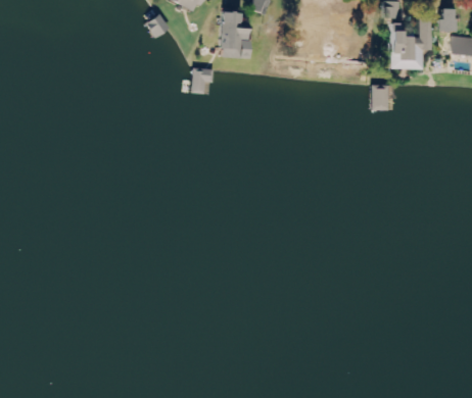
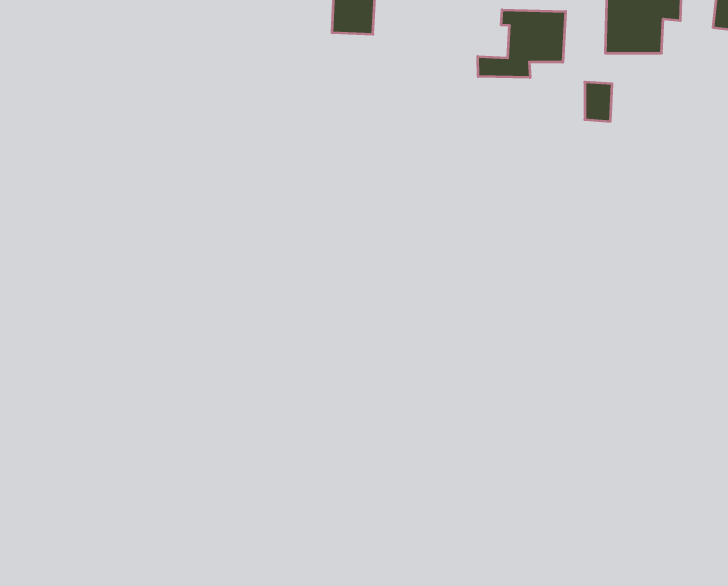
building: none -> [478,10,566,78]
building: [192,69,215,91] -> none

